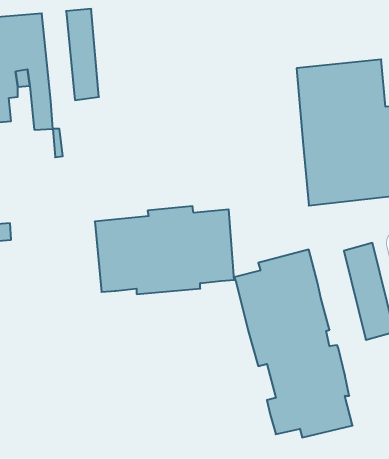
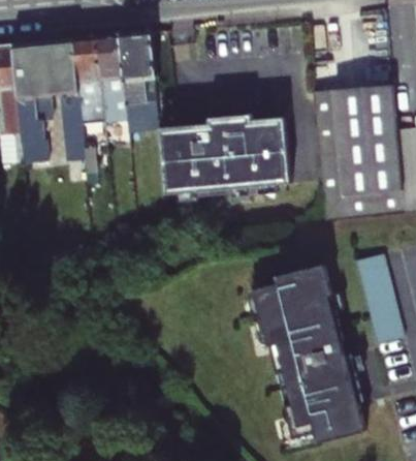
building: none -> [121,33,156,132]
building: none -> [74,38,105,123]
building: [95,206,234,294] -> [159,114,290,196]

